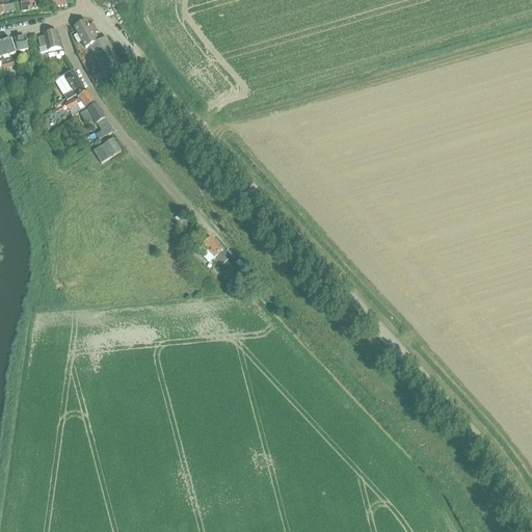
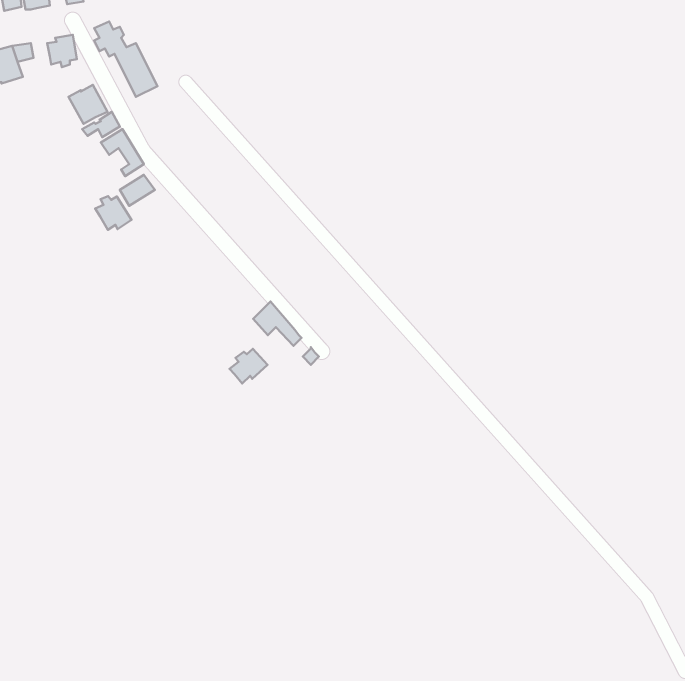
building: none -> [95,196,131,230]
building: none -> [229,349,267,383]

